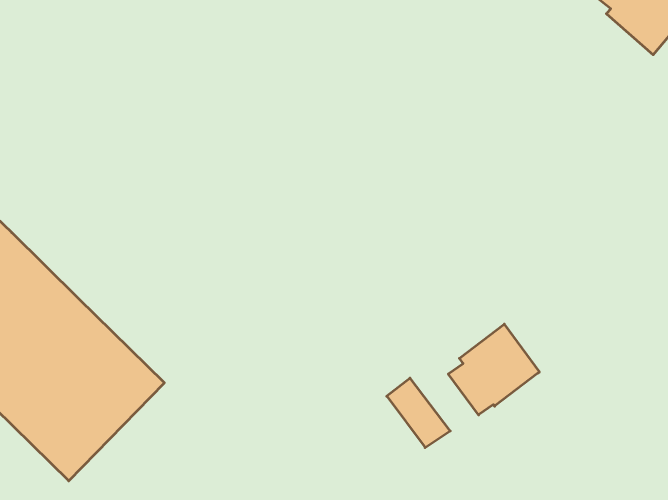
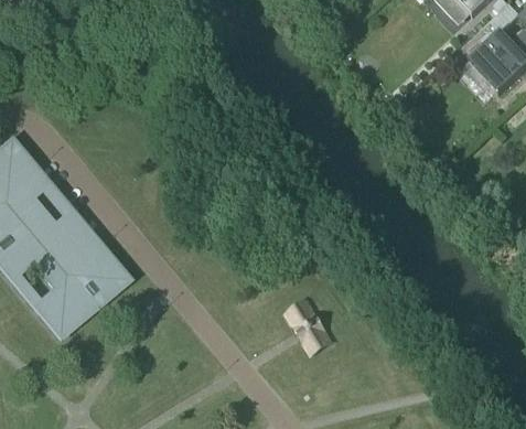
building: [448,324,539,415] -> none

